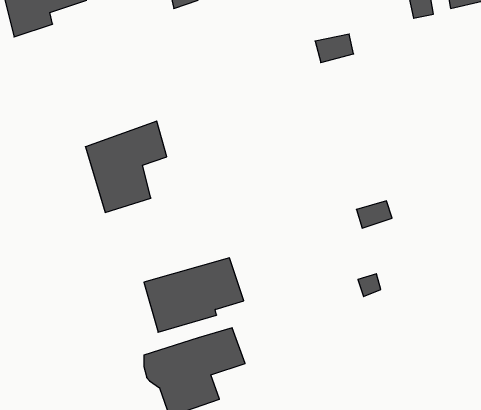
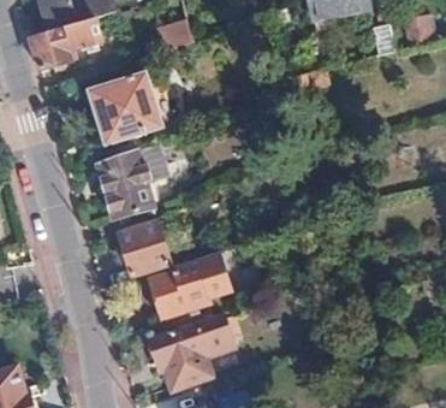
building: none -> [89,72,163,143]
building: none -> [118,219,171,279]

